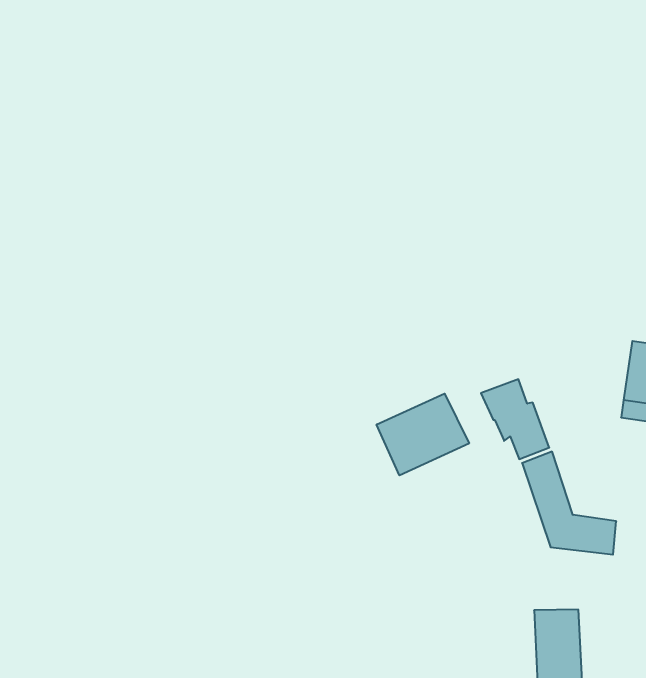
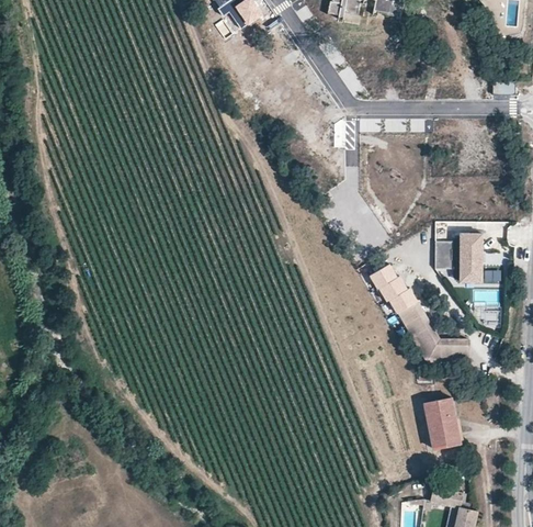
building: none -> [434,240,451,268]
building: [377,394,469,475] -> none

